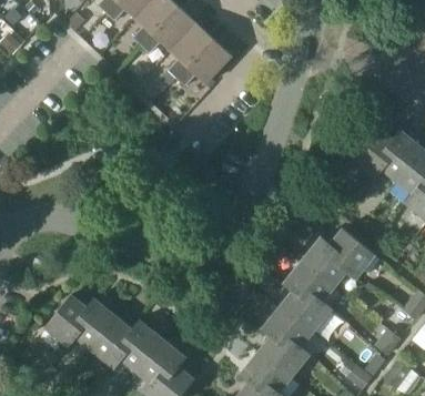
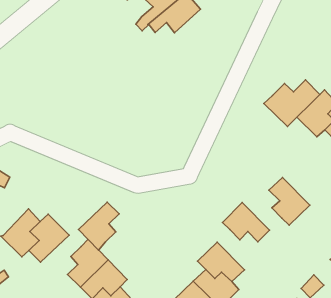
building: none -> [264,80,320,127]
building: [301,236,346,286] -> none
building: [279,291,332,333] -> none
building: [89,317,131,370] -> [79,202,119,250]

